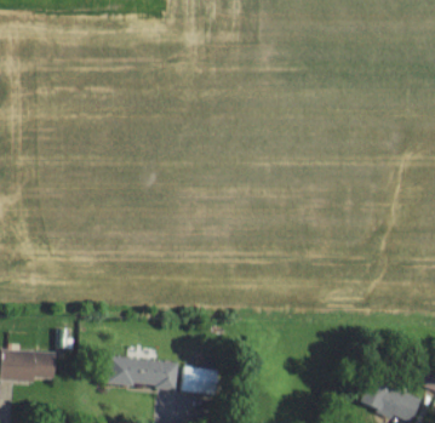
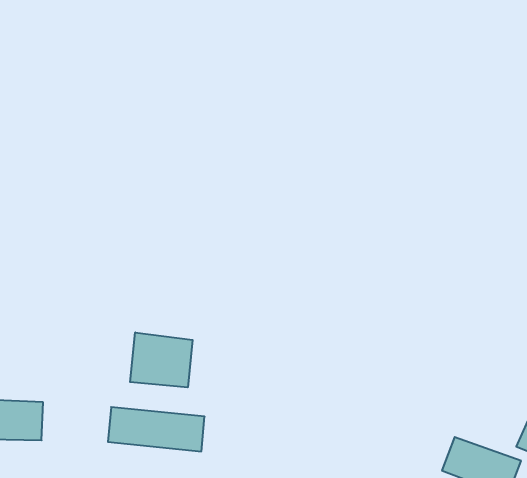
building: none -> [130,332,193,387]
building: [181,365,221,395] -> none

